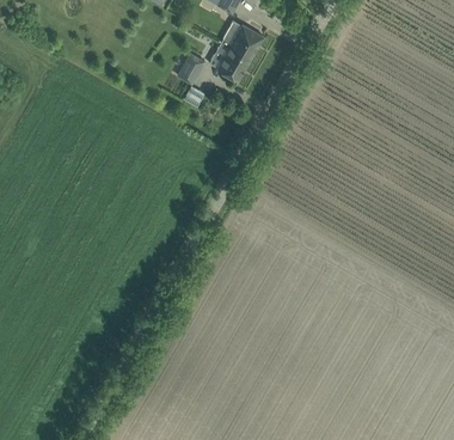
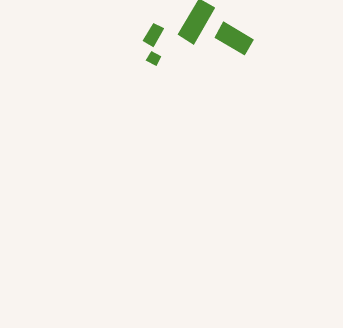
building: none -> [213,20,255,57]

